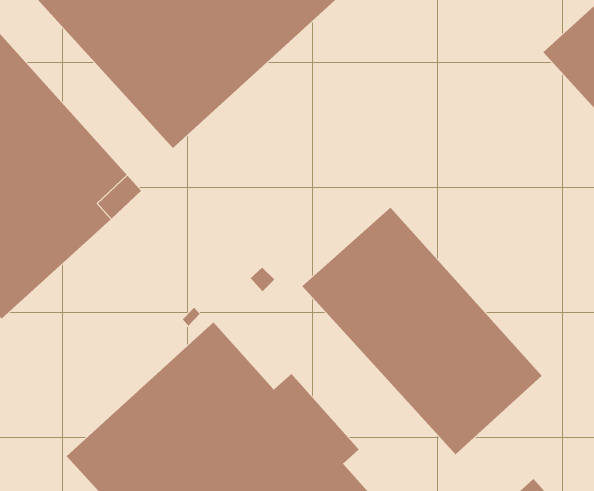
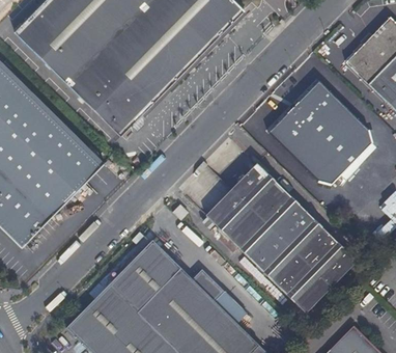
building: none -> [268,79,367,185]

